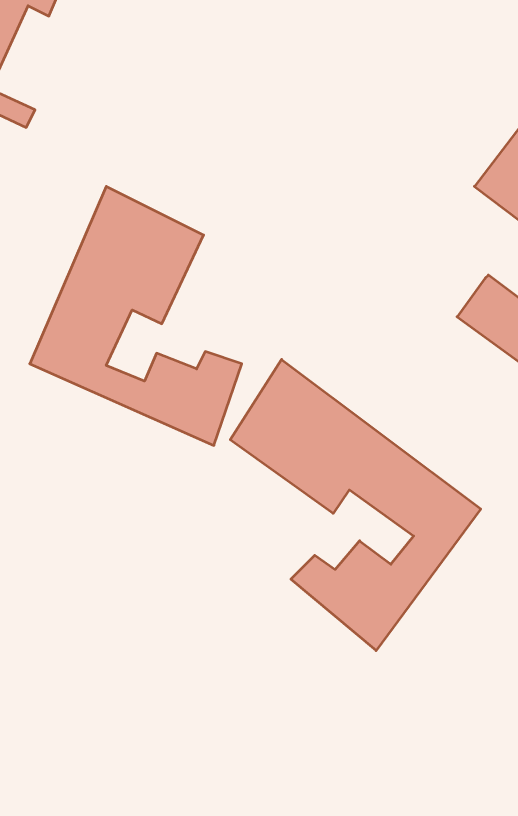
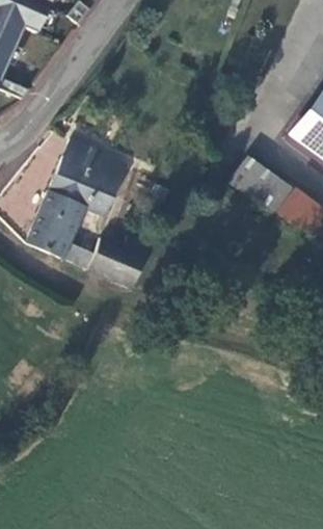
building: none -> [232,157,296,217]
building: [230,359,481,651] -> none

